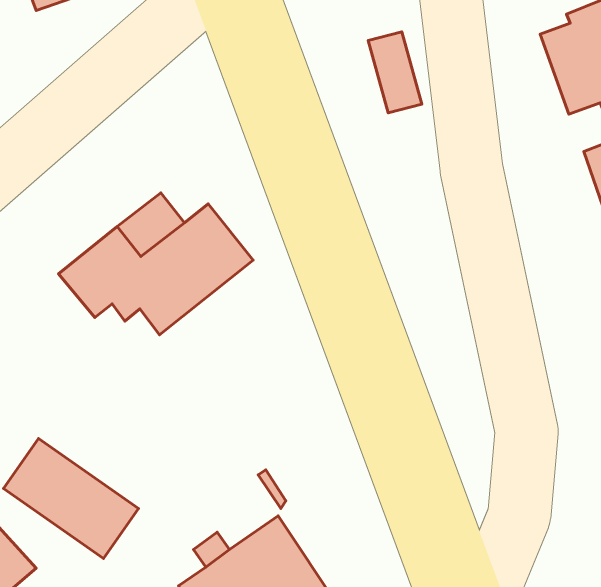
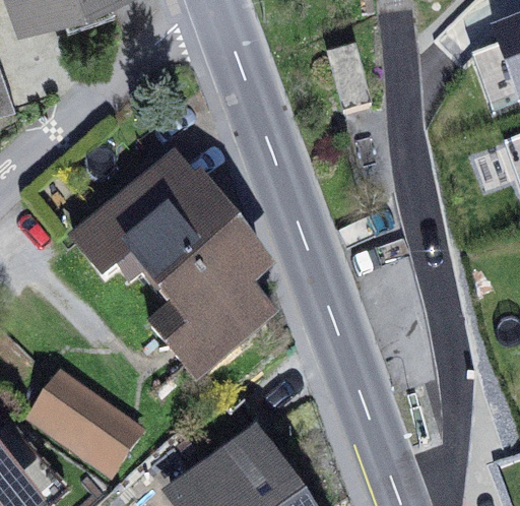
building: none -> [152,229,273,377]

